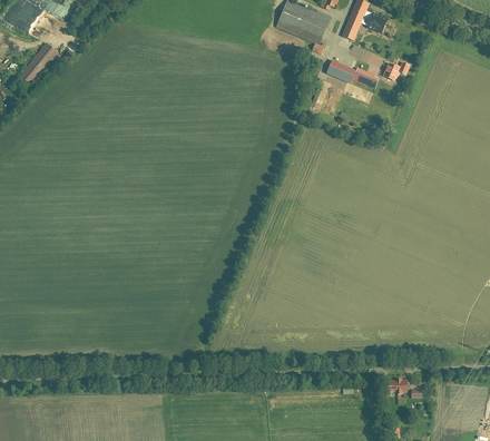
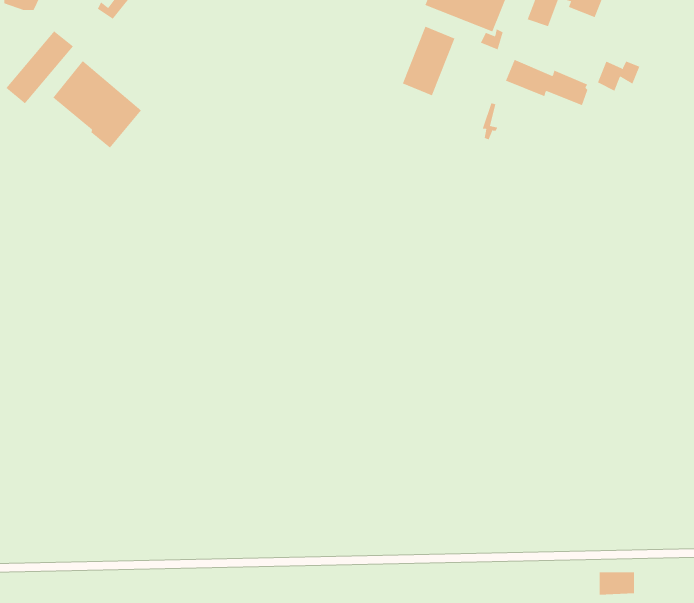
building: none -> [402,26,455,96]
building: none -> [52,60,142,148]

